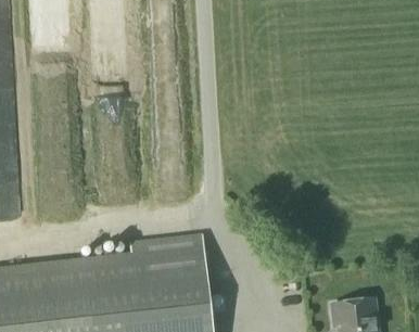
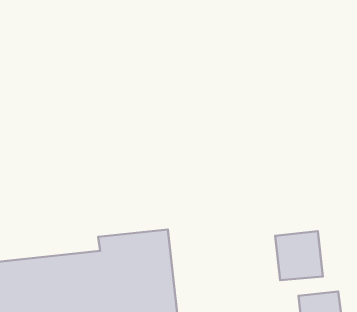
building: none -> [275,231,323,280]

